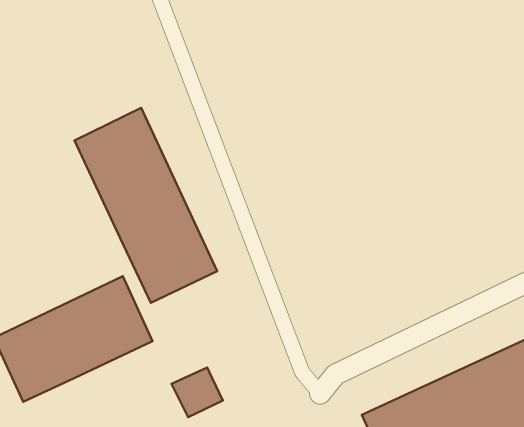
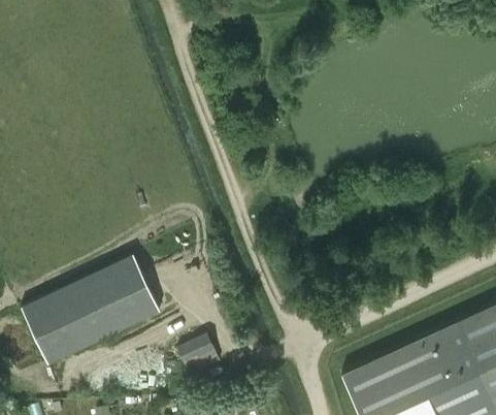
building: [74,108,217,303] -> none

